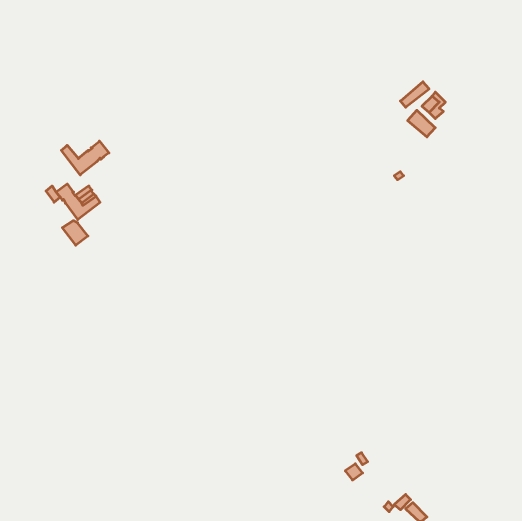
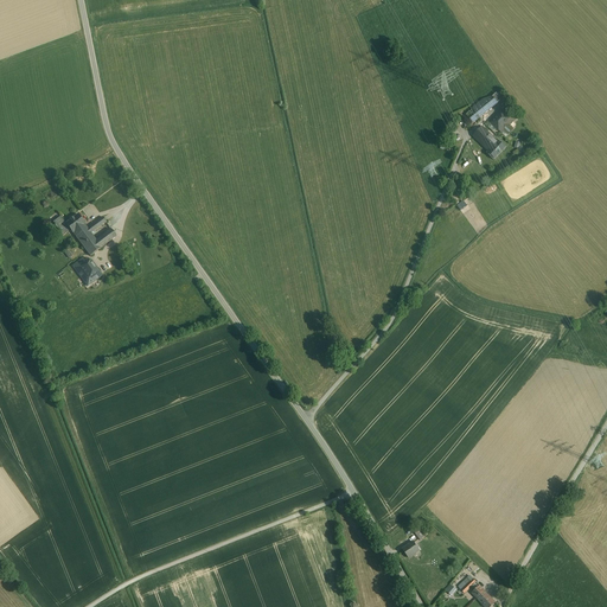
building: [61,141,109,175] -> none

